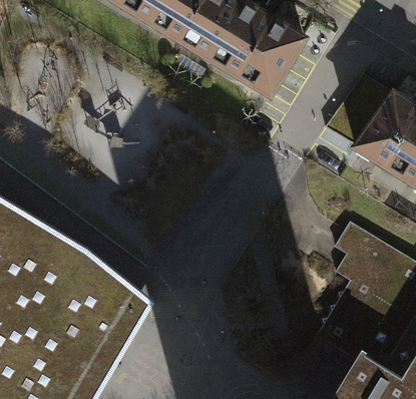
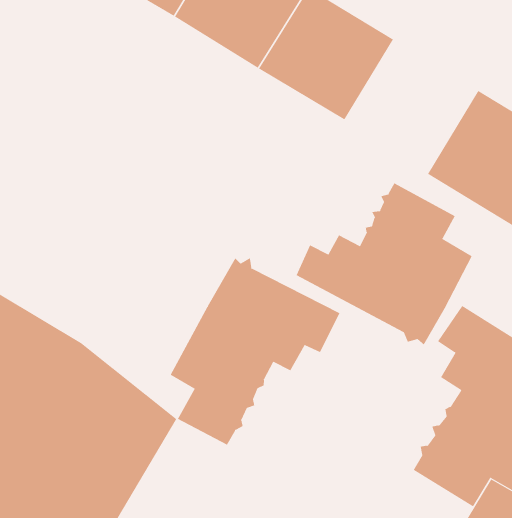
building: none -> [296,182,473,345]
building: none -> [170,257,340,445]

